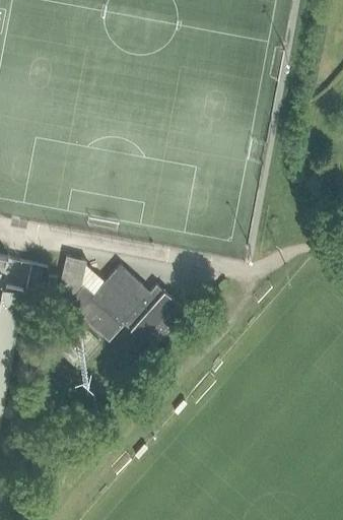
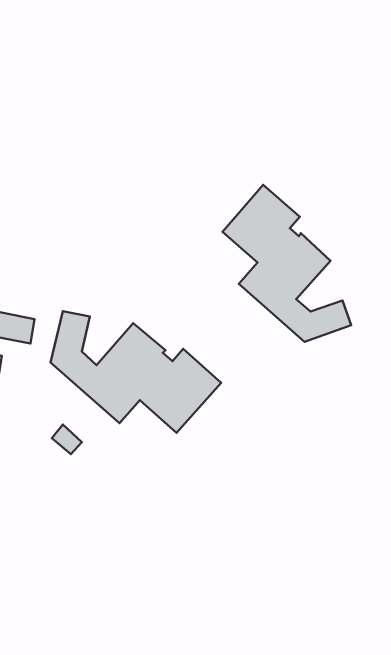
building: none -> [222,185,351,342]

